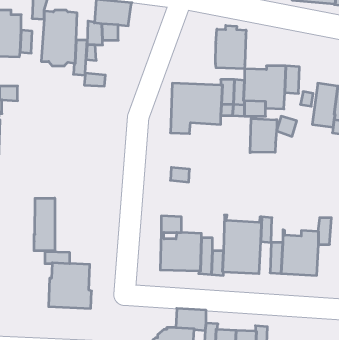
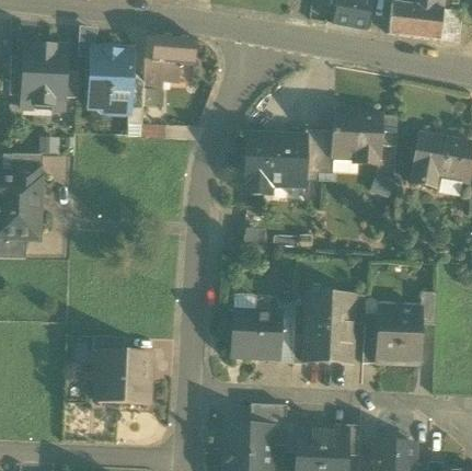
building: [216,25,246,69] -> none
building: [250,118,277,153] -> none
building: [34,198,55,251] -> none

